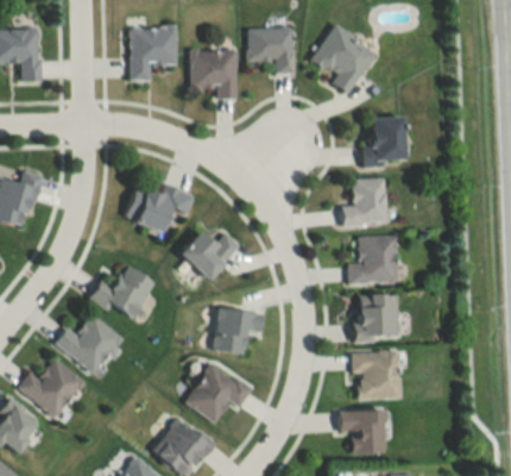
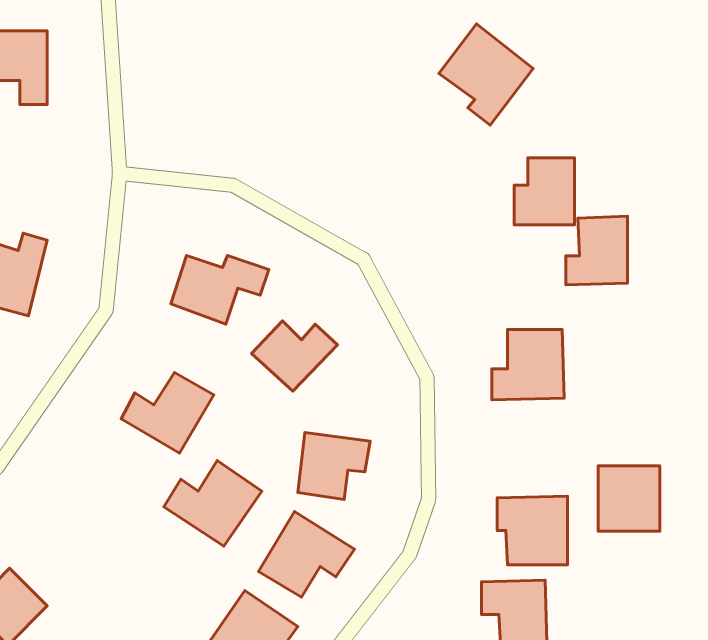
building: [128,27,176,81] -> none
building: [247,27,294,74] -> none
building: [189,50,235,99] -> none
building: [342,177,385,225] -> [566,216,628,285]
building: [355,295,398,340] -> [598,466,660,531]
building: [53,314,121,374] -> [164,460,262,546]
building: [17,359,84,419] -> none

